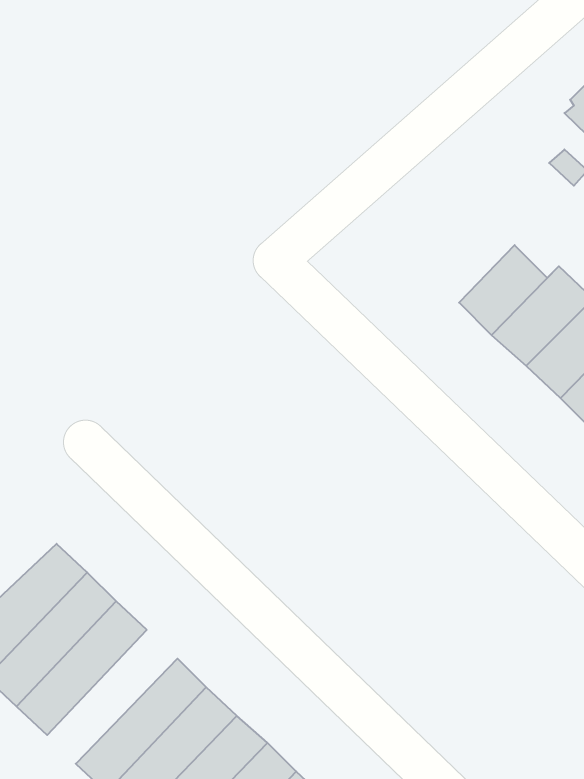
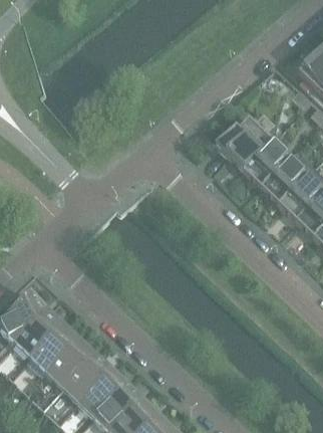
building: none -> [217,115,274,168]
building: none -> [29,340,97,410]

